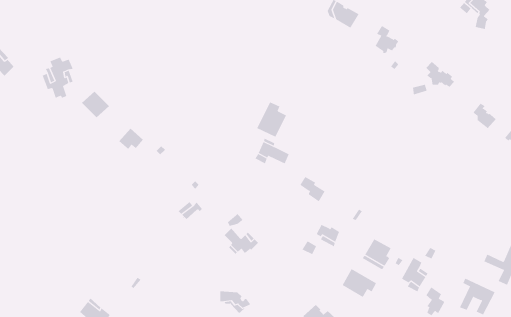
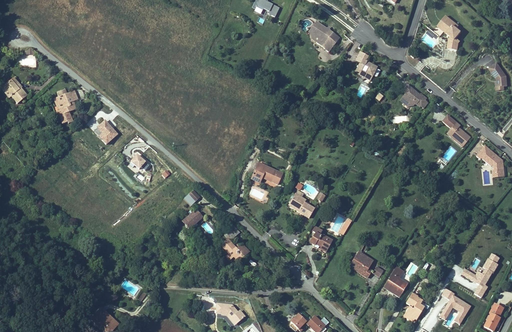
building: [257,102,287,137] -> none
building: [342,268,377,298] -> none

